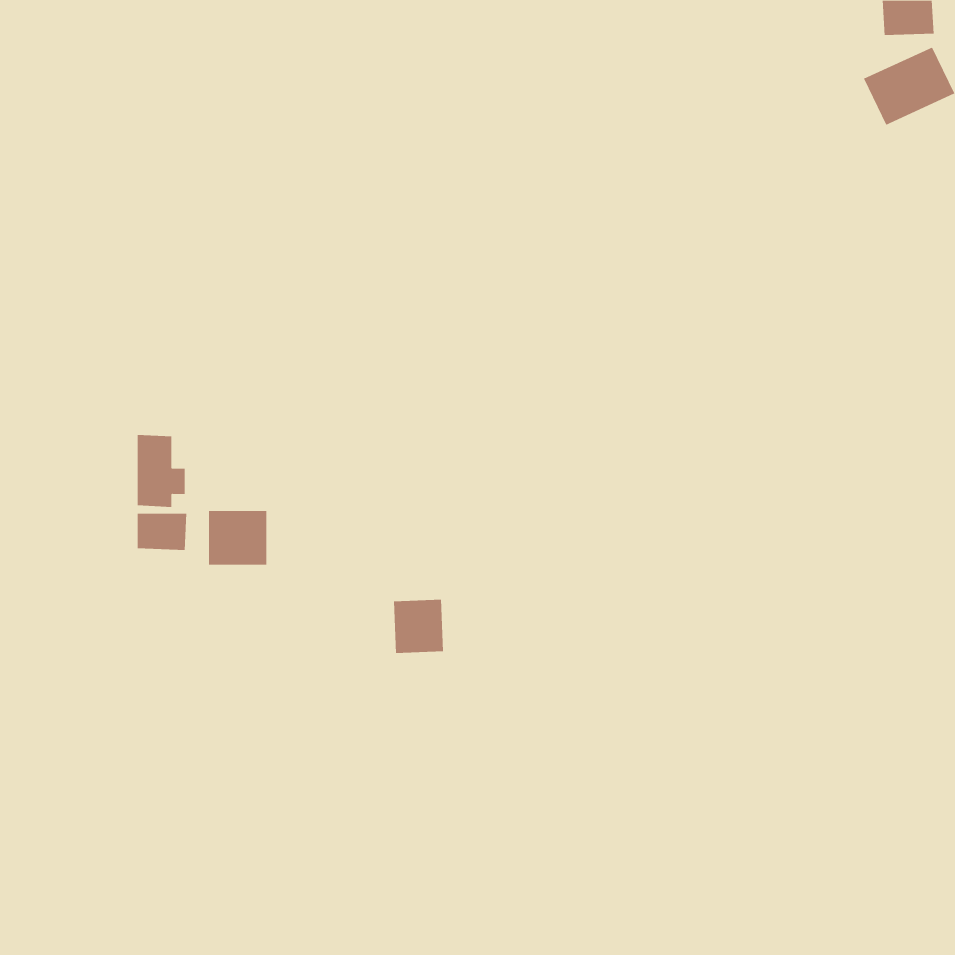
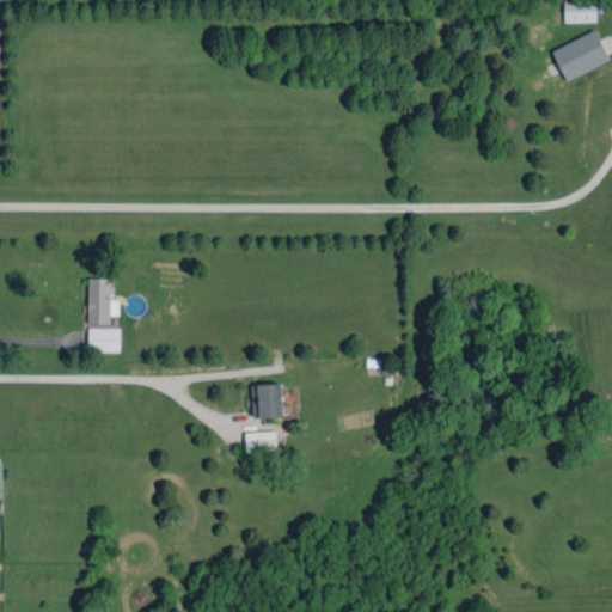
building: [208,510,267,565] -> none
building: none -> [246,432,279,452]

